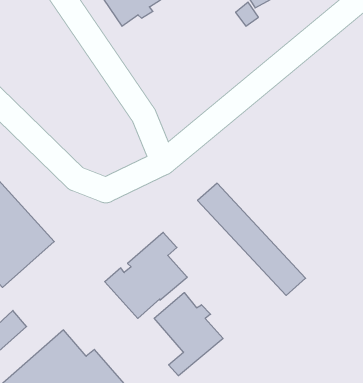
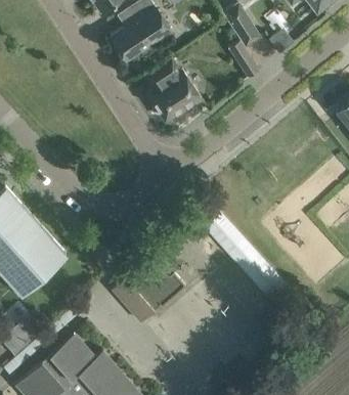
building: none -> [145,58,203,121]
building: [154,293,223,376] -> none

